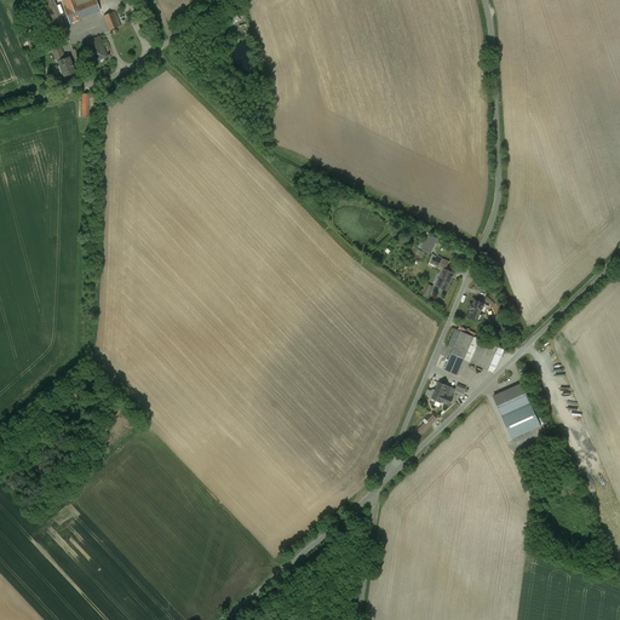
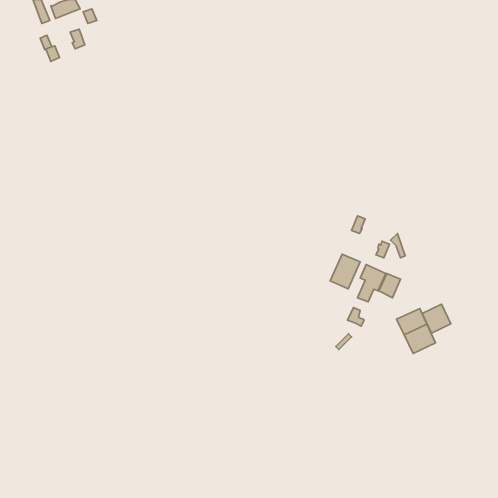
building: none -> [330,254,360,289]
building: none -> [422,304,451,333]

